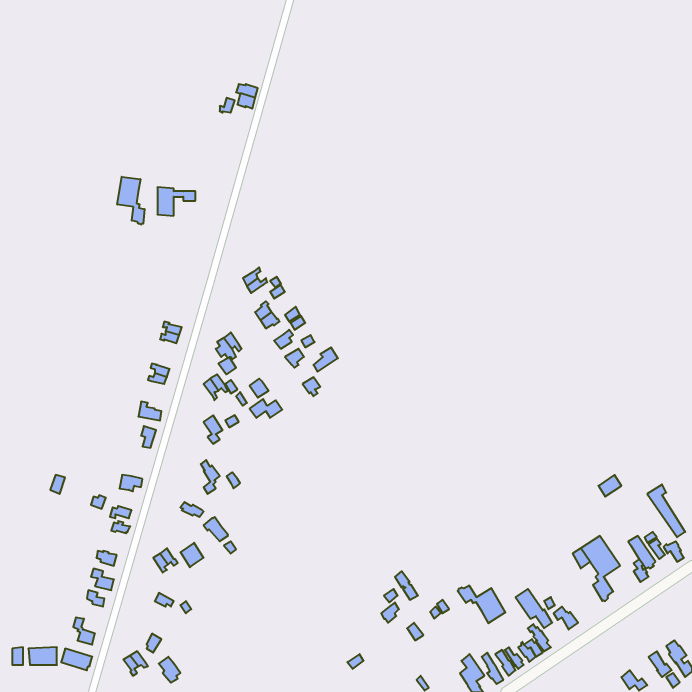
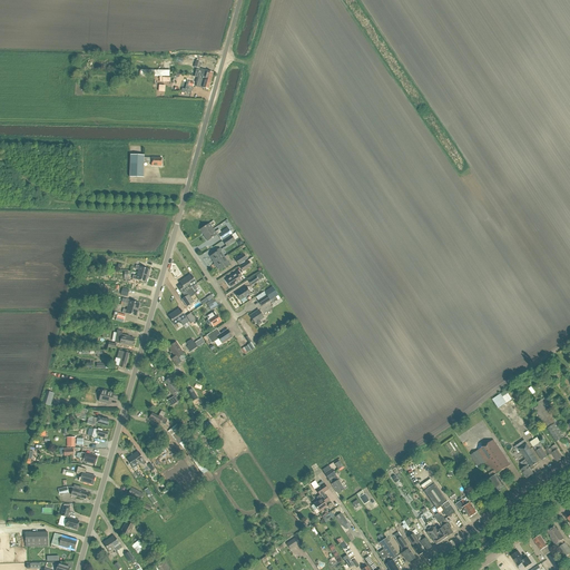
building: [117,177,145,225] -> none
building: [458,585,505,623] -> none

